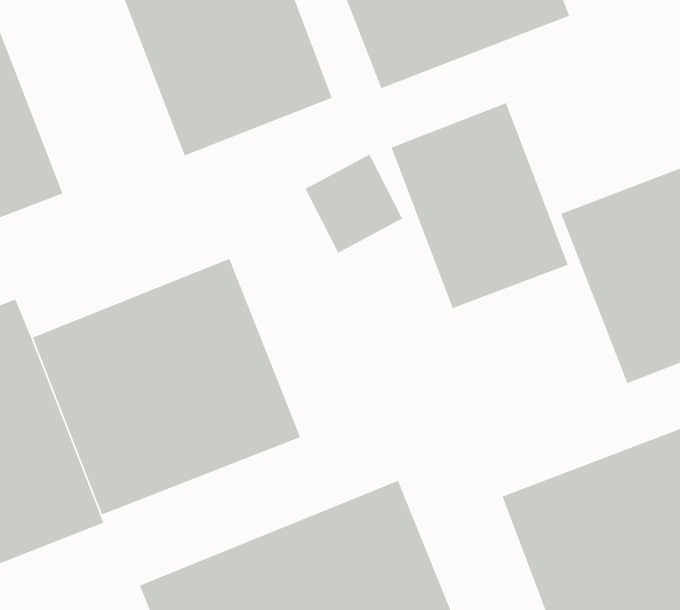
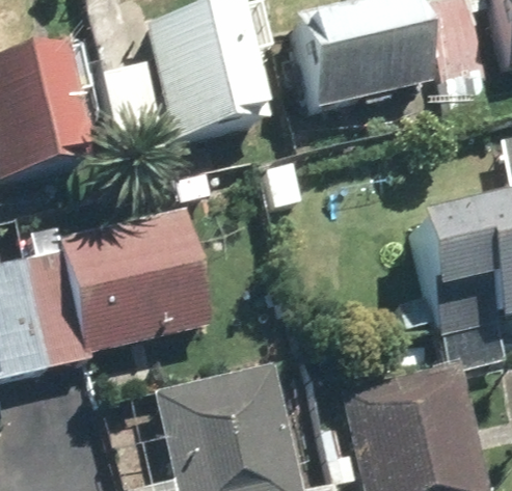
building: [390,102,569,309] -> none

